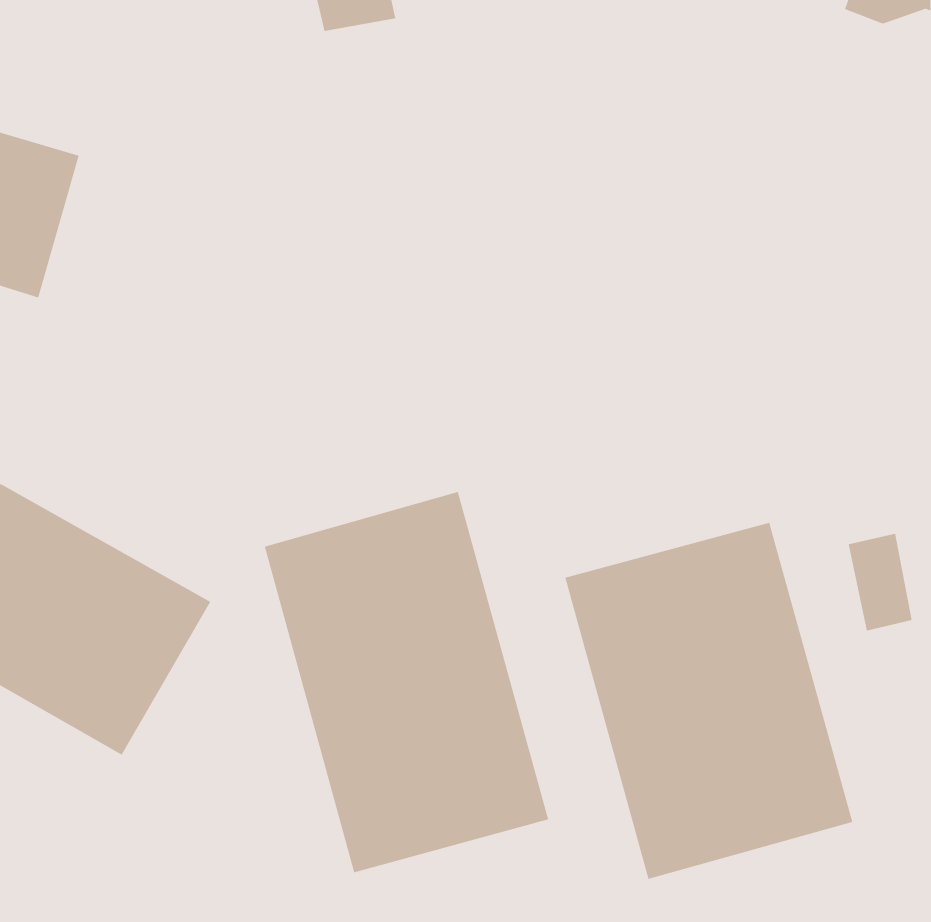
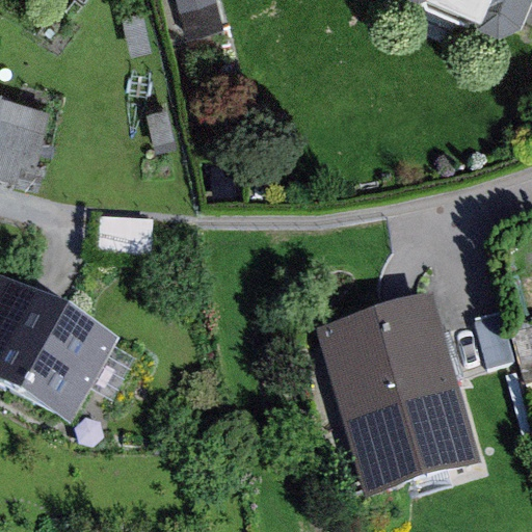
building: [264,491,549,873] -> none

